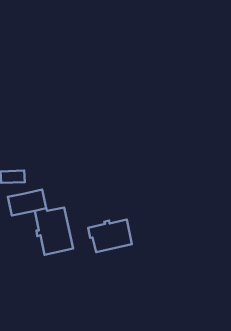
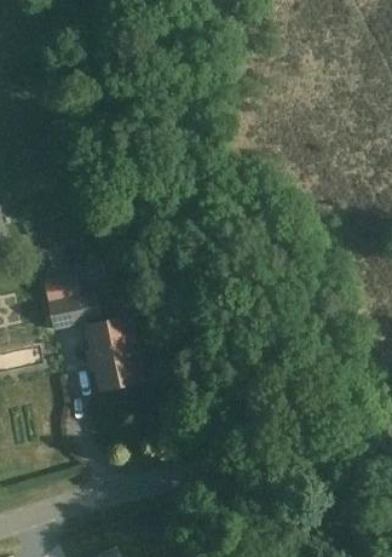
building: [88,219,132,252] -> none

